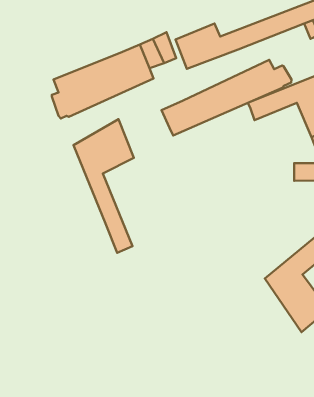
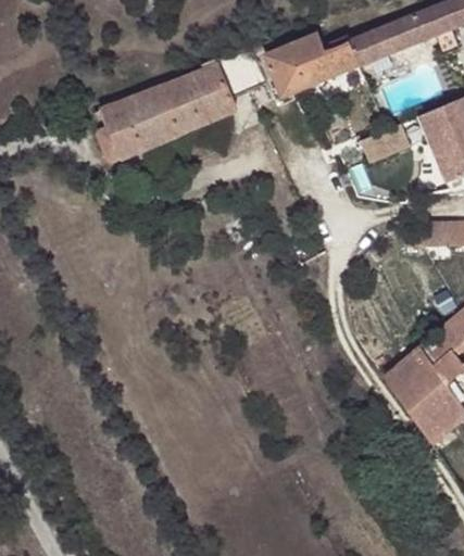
building: [161,60,292,136] -> none
building: [73,119,134,253] -> none

